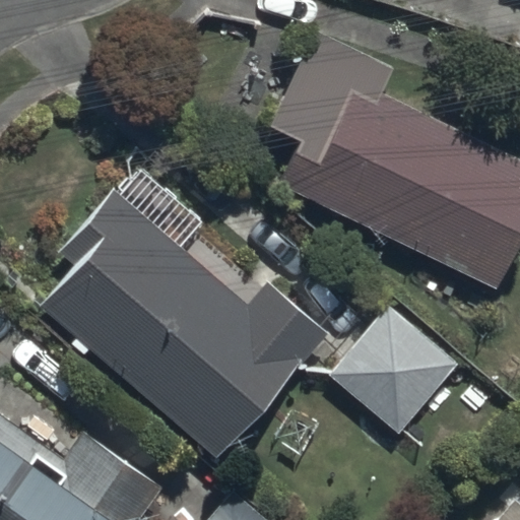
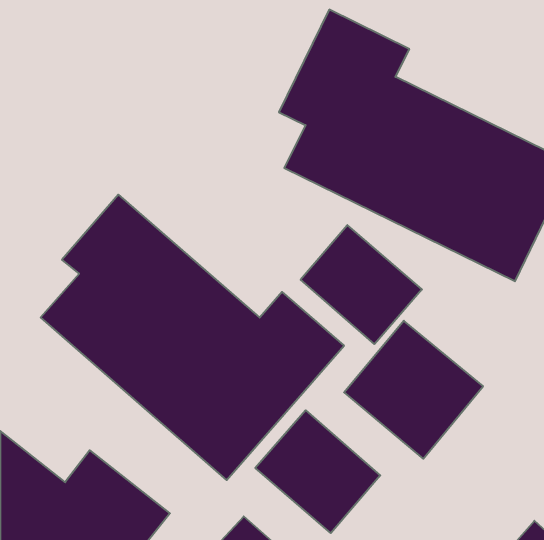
building: none -> [301,225,422,344]
building: none -> [255,410,380,533]

